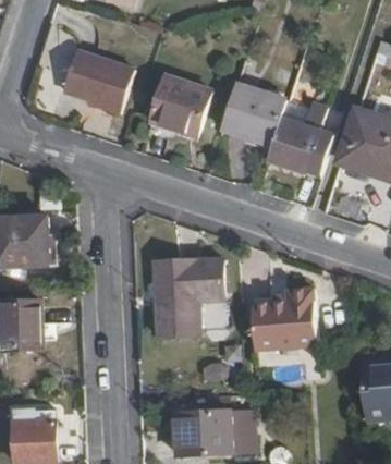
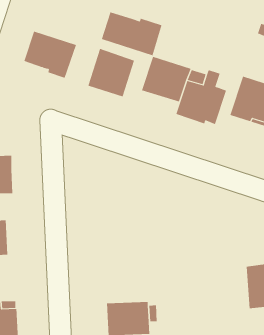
building: none -> [101,12,162,56]
building: [152,258,223,337] -> none
building: [251,283,317,341] -> none

